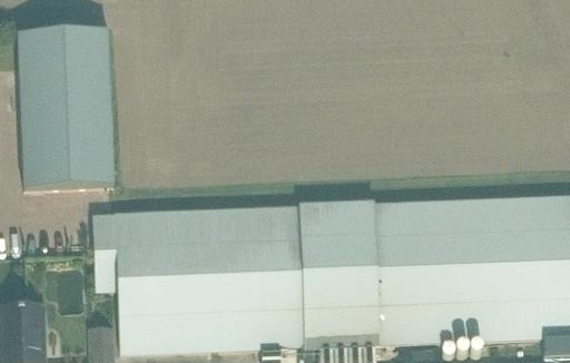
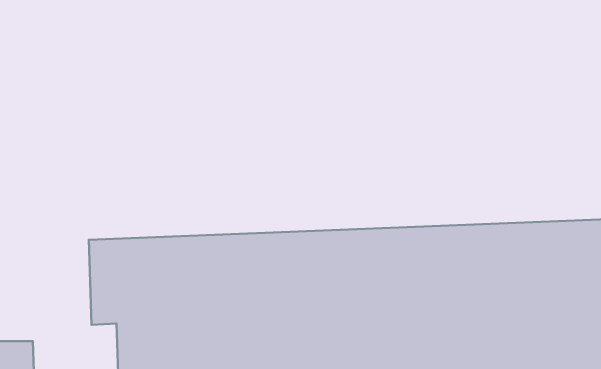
building: [18,30,112,189] -> none

